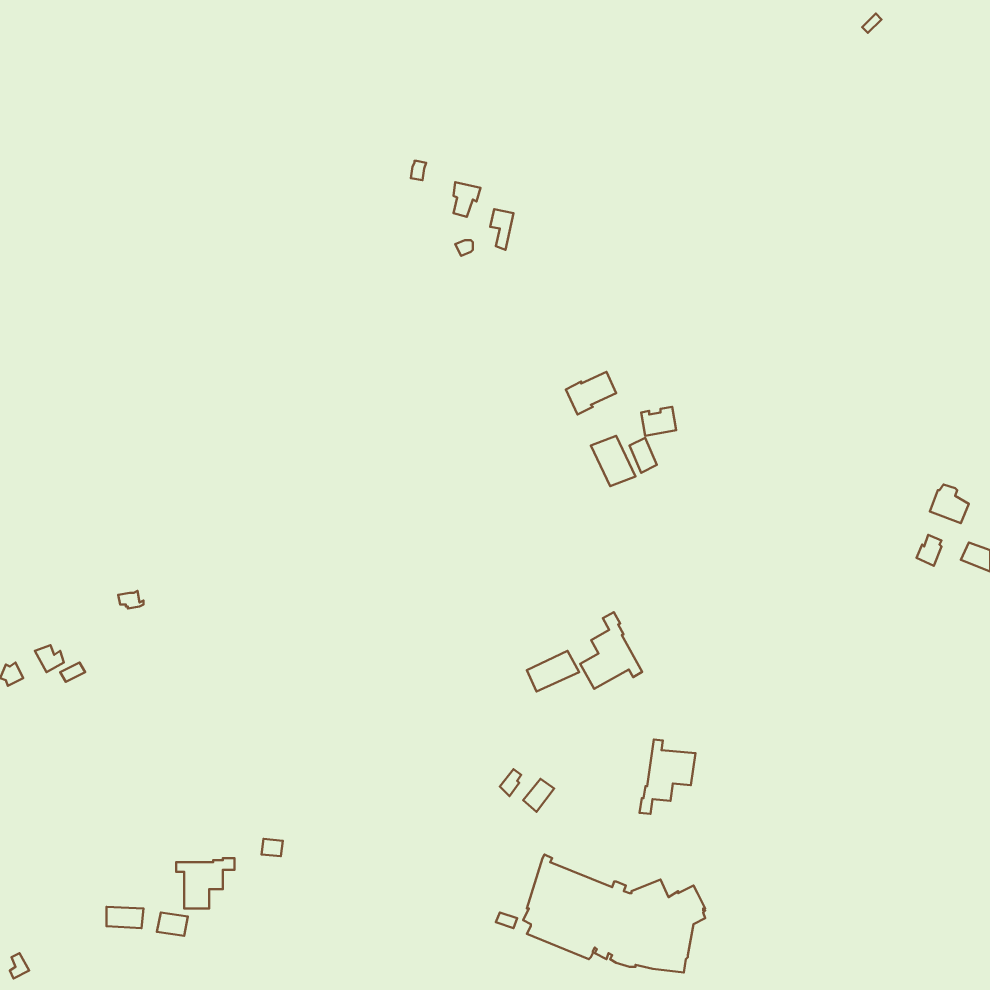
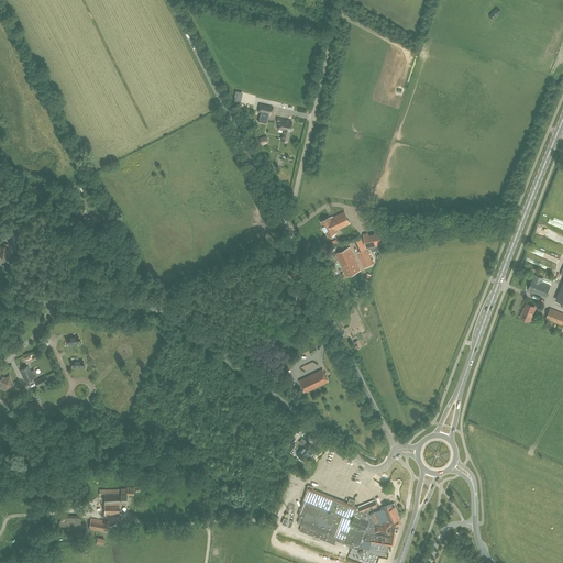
building: [580,612,642,689] -> none
building: [640,740,696,814] -> none

